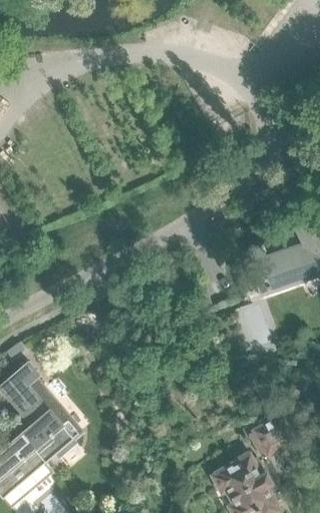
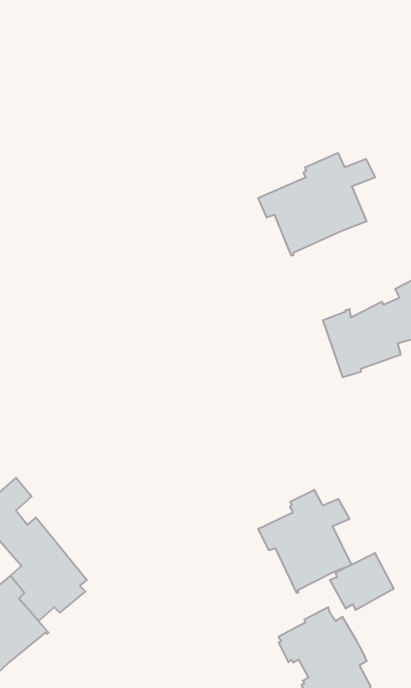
building: none -> [258,153,375,256]
building: none -> [258,490,351,593]

